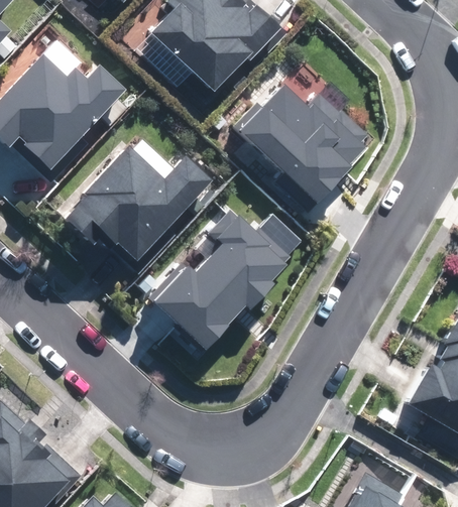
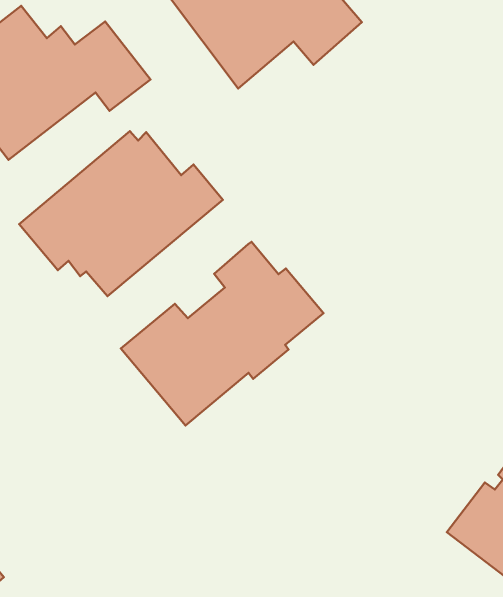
building: [232,85,379,207] -> none

